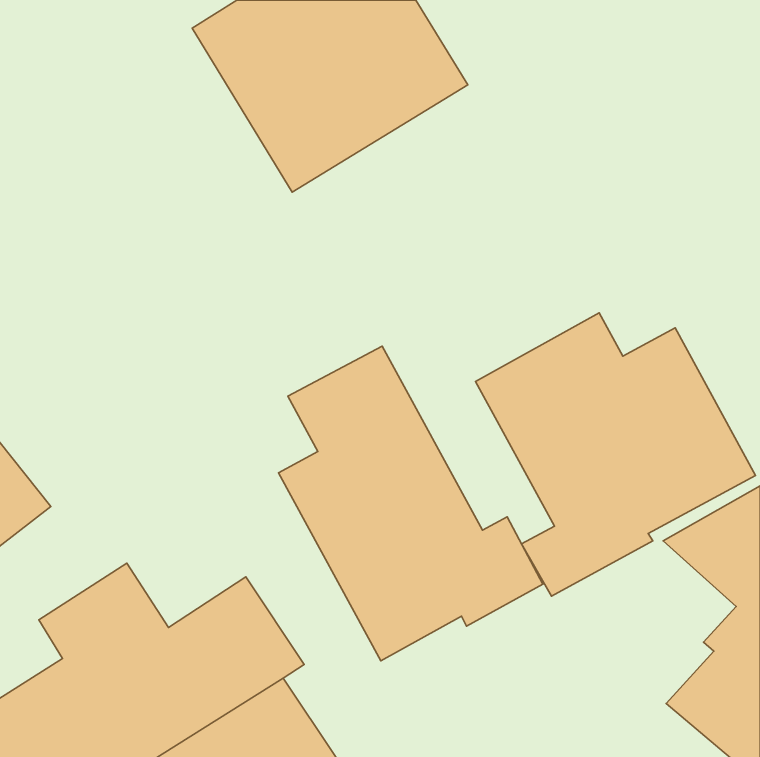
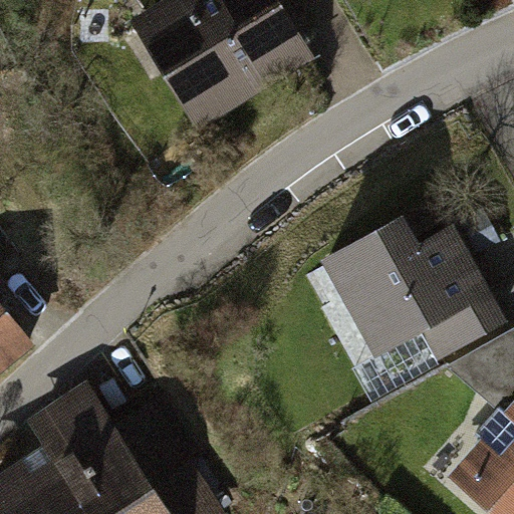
building: [278,346,543,661] -> none

